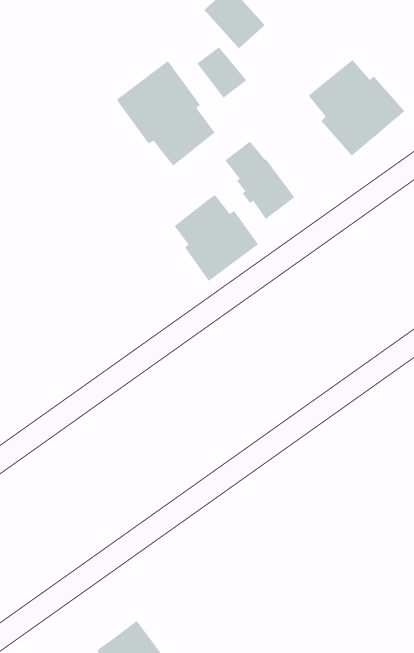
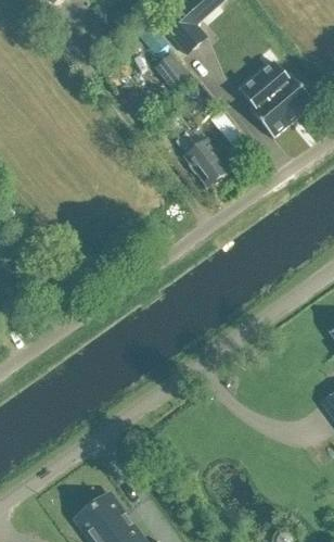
building: [116,60,215,166] -> none
building: [174,194,259,282] -> none

